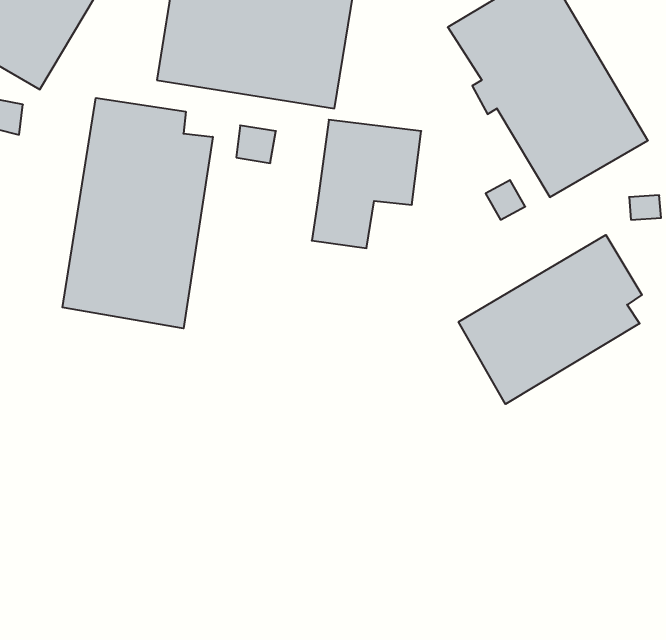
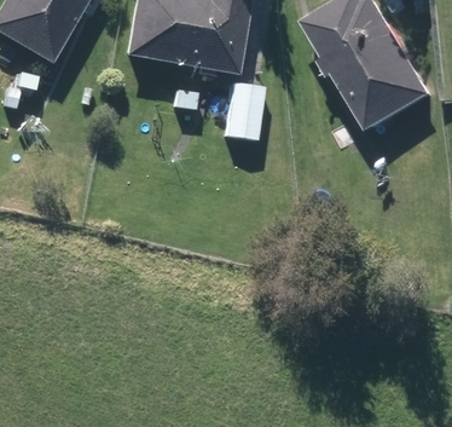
building: [62,98,213,328] -> none
building: [459,235,642,404] -> none

